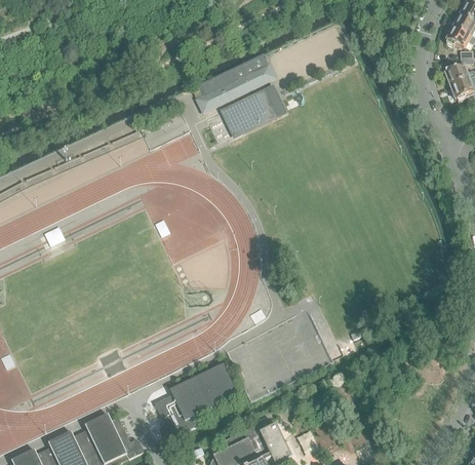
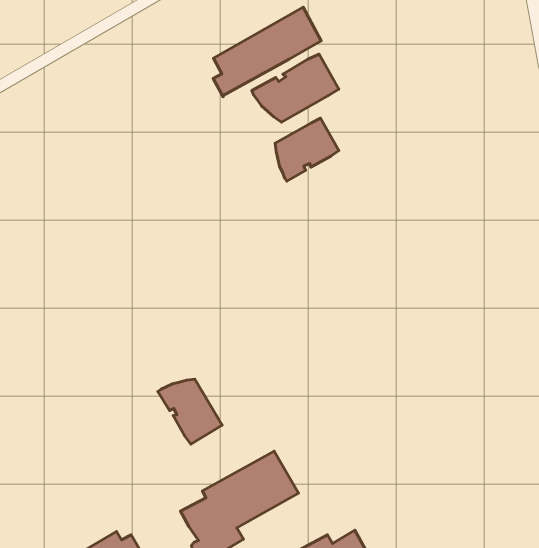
building: none -> [275,118,339,181]
building: none -> [158,379,222,444]

